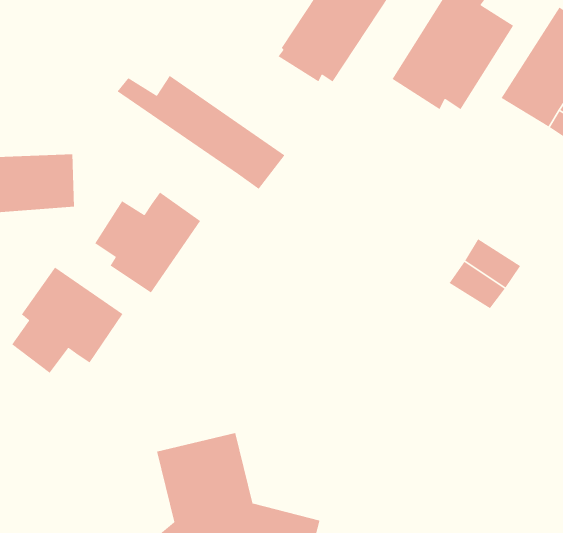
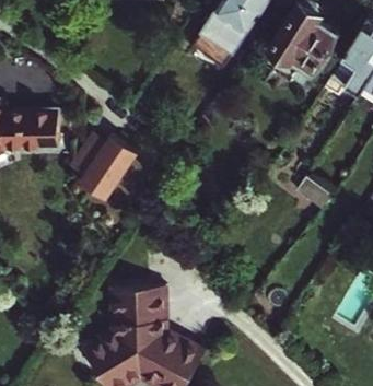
building: [116,75,285,190] -> none
building: [11,267,123,374] -> none

